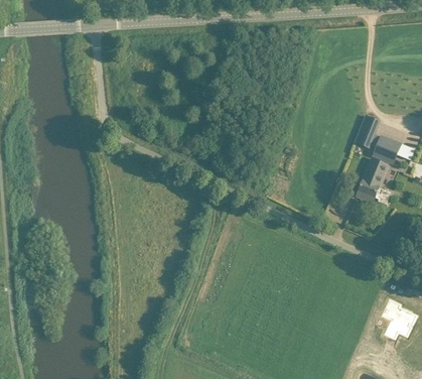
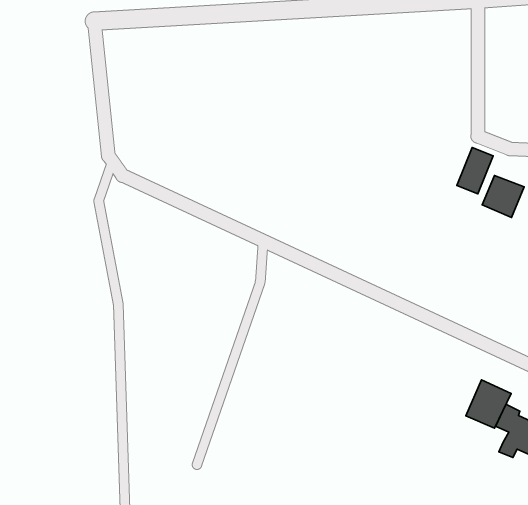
building: [357,157,391,205] -> none
building: none -> [466,380,511,428]

